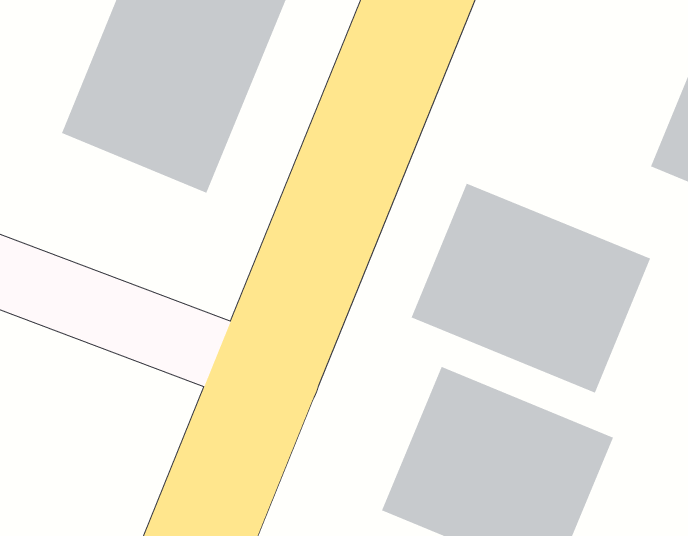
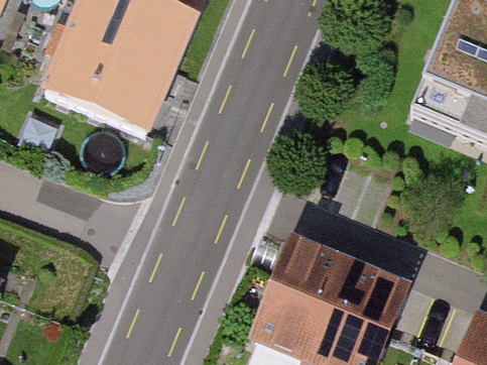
building: [411,183,651,393] -> none

